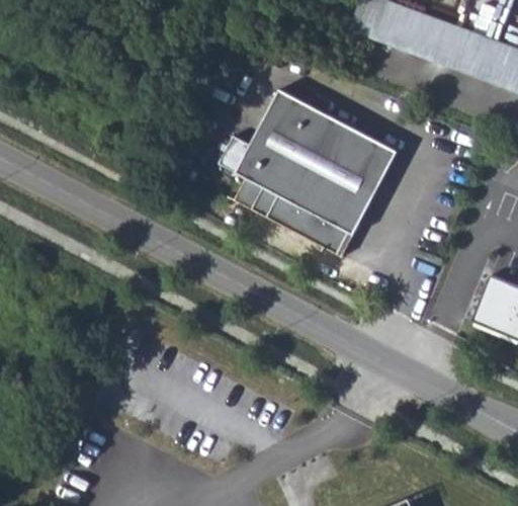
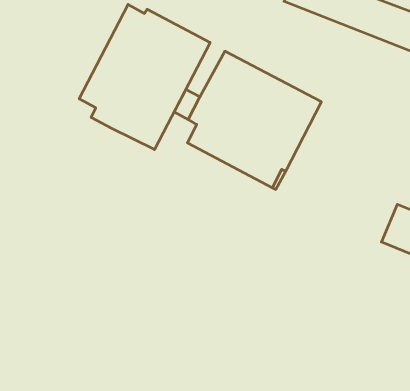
building: none -> [79,4,210,150]

